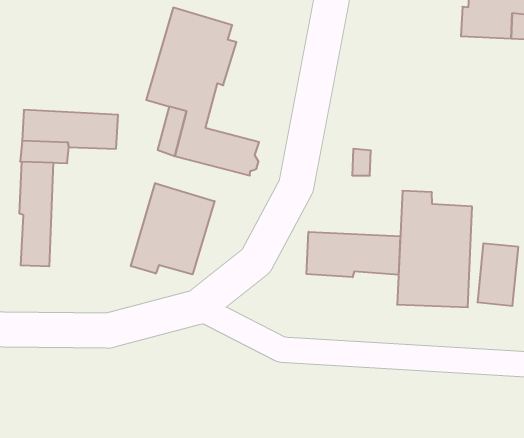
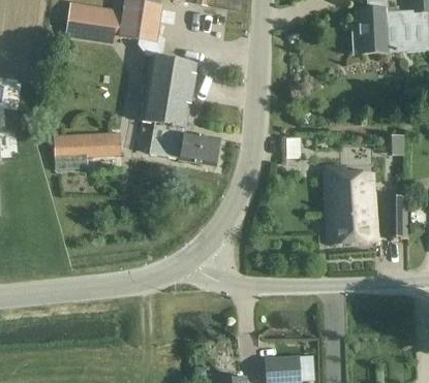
building: [19,162,53,266] -> none
building: [131,183,215,274] -> none
building: [307,232,400,277] -> none

